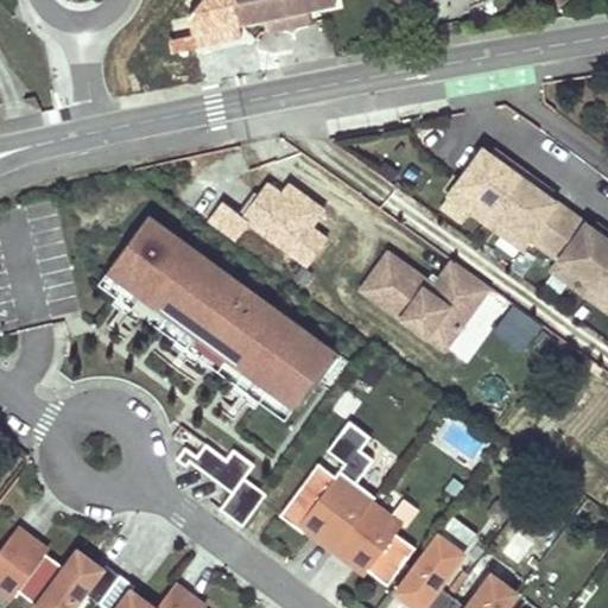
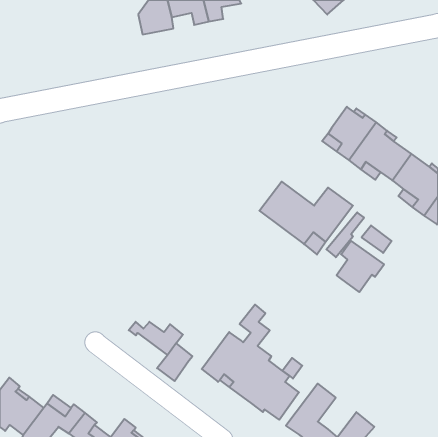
building: [205,183,328,268] -> none
building: [104,210,337,407] -> none
building: none -> [337,241,384,292]

